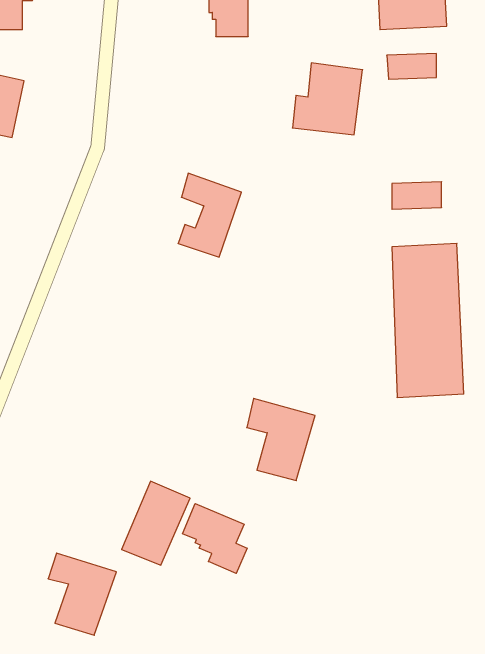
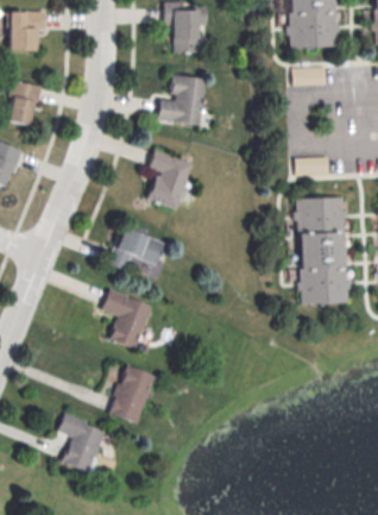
building: [292,63,363,135] -> [159,73,208,123]
building: none -> [109,226,165,274]
building: [247,398,315,481] -> [105,289,152,346]
building: [183,504,247,573] -> none

